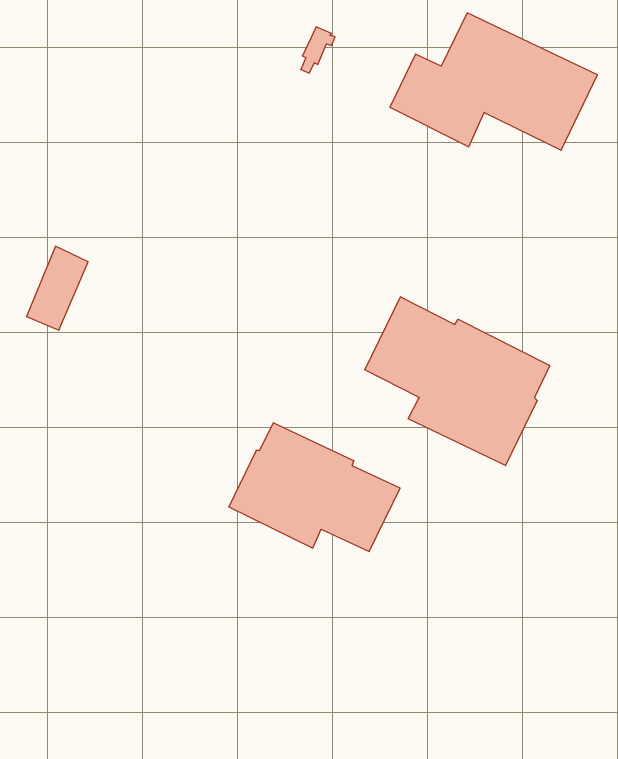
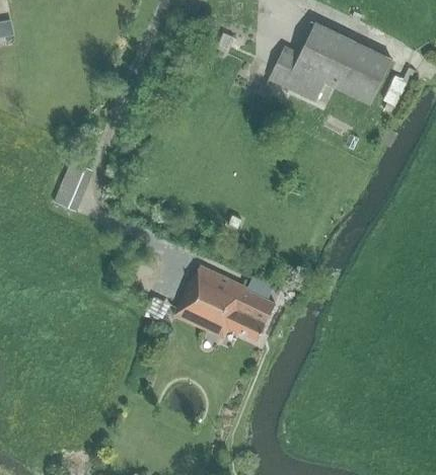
building: [365,297,550,466] -> none

